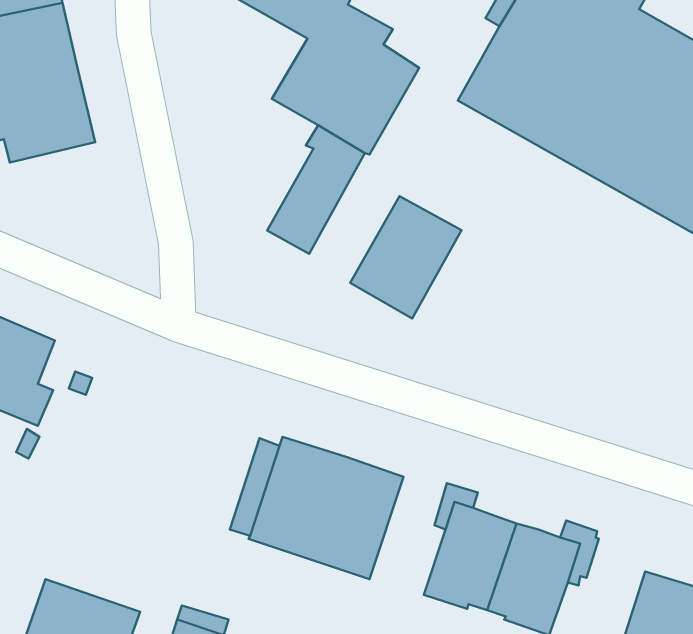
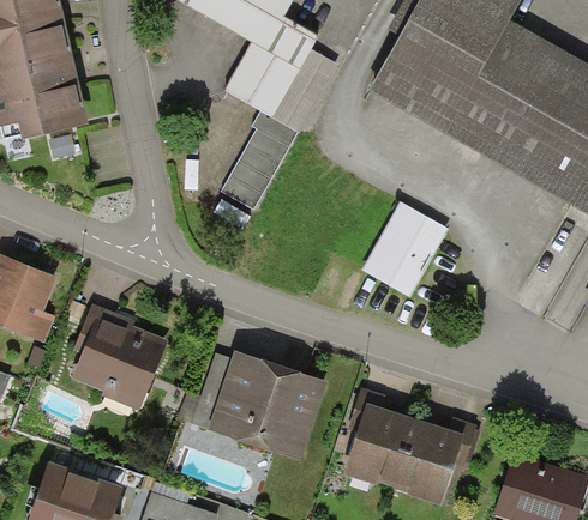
building: [350,196,462,319] -> [362,201,449,296]
building: none -> [71,303,167,410]

